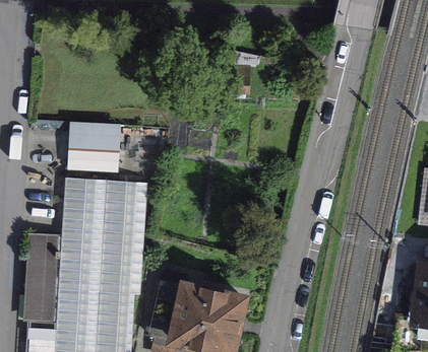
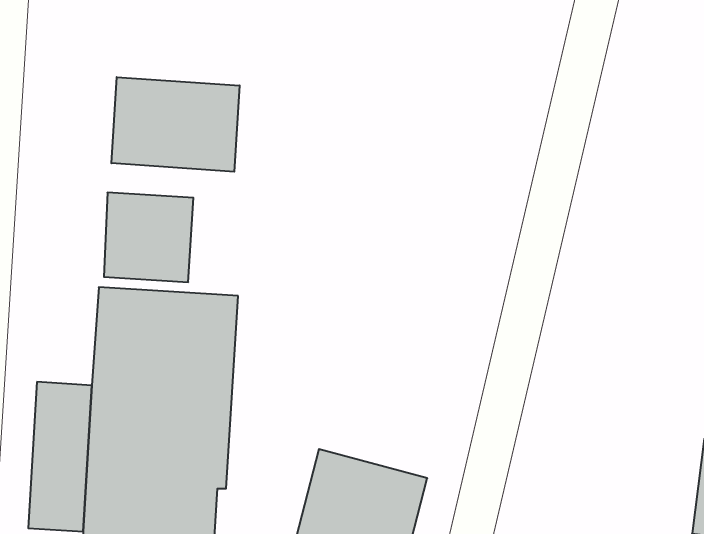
building: none -> [111,77,240,172]

